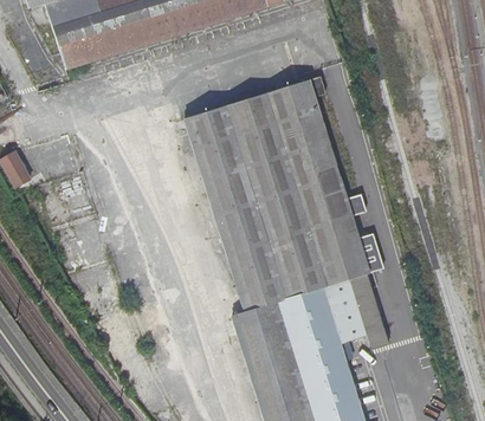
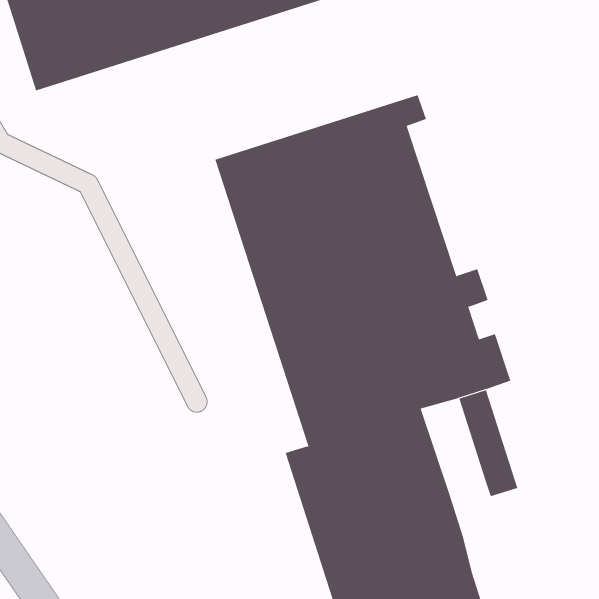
building: [322,278,364,342] -> none

